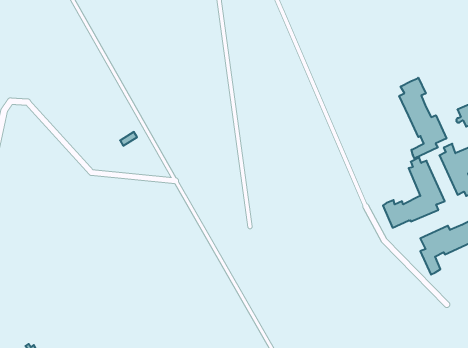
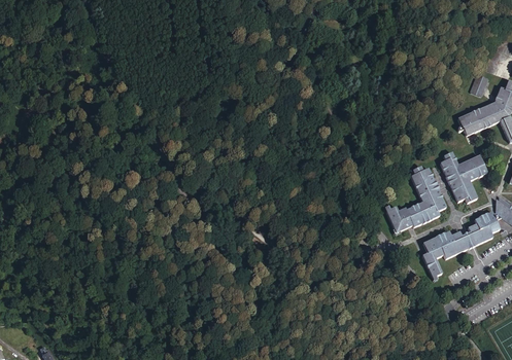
building: [399,78,446,158] -> none

